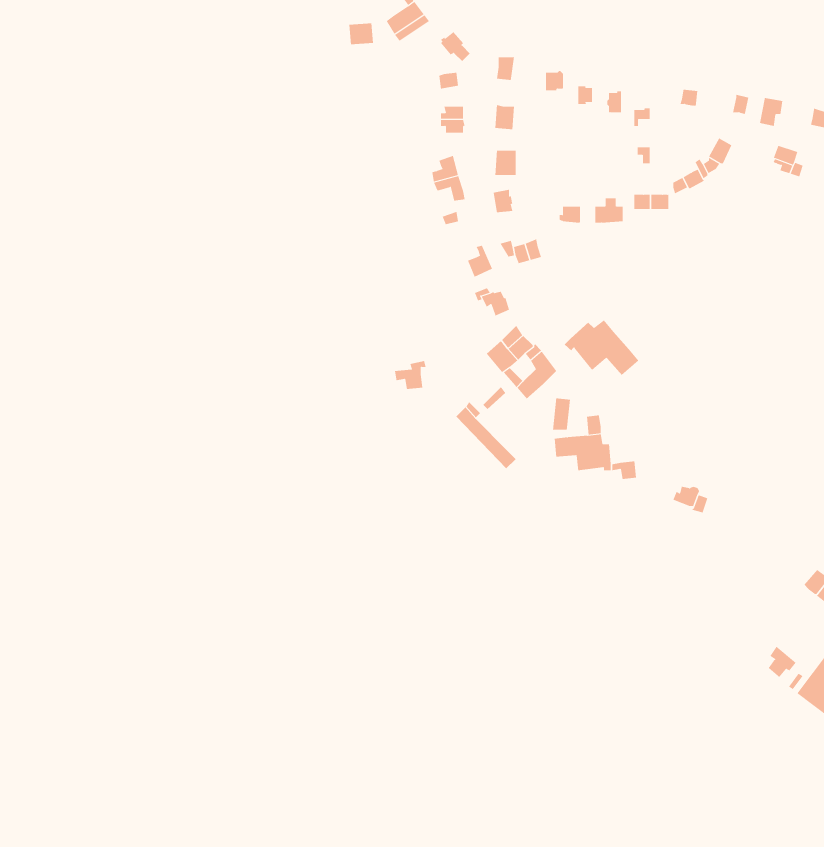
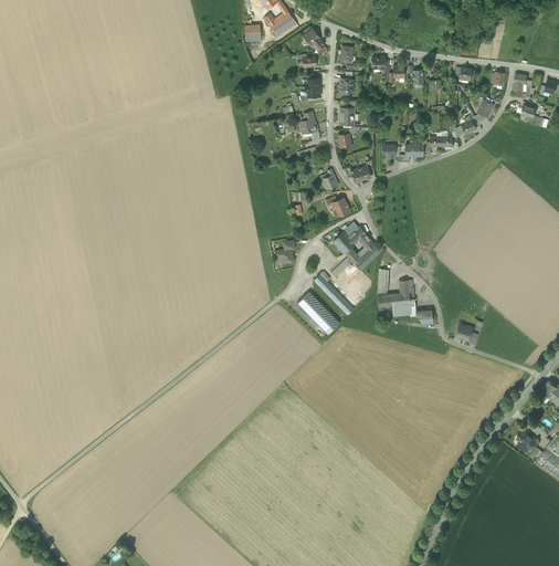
building: [564,320,639,376] -> none
building: none -> [297,291,339,335]

